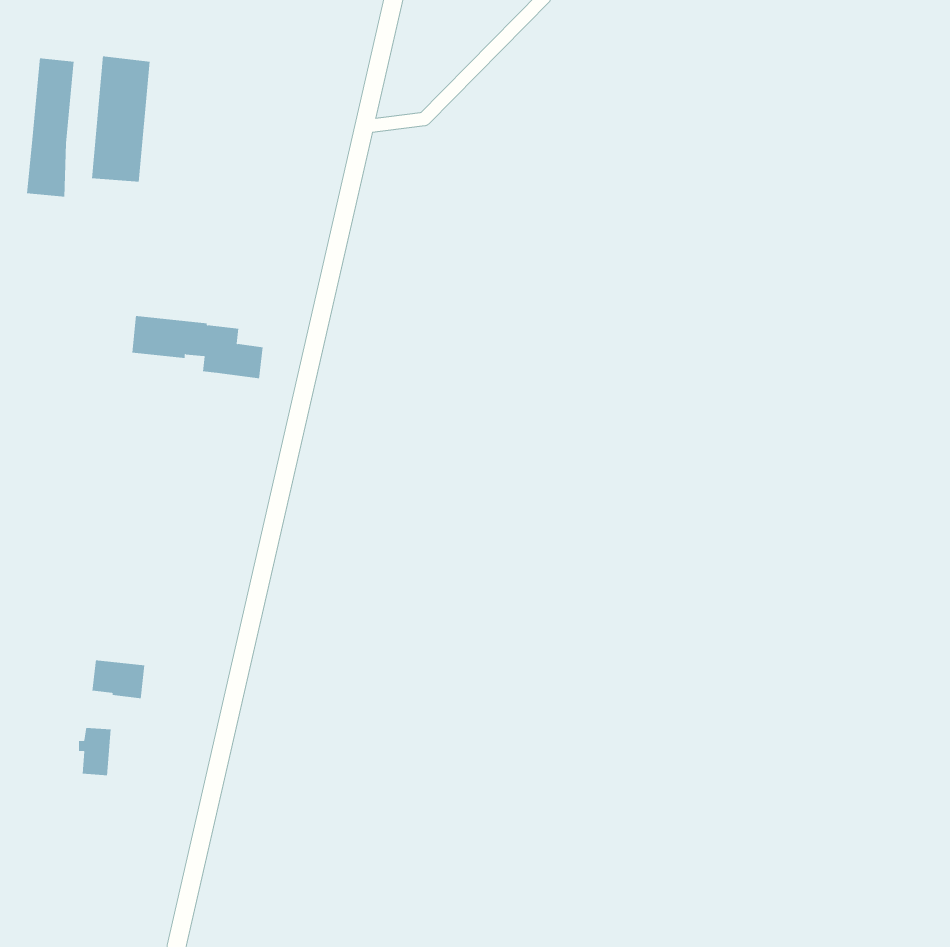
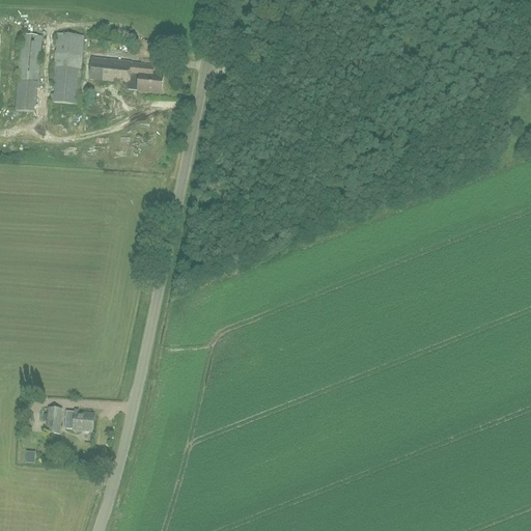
building: [131,316,263,379] -> [89,57,163,92]
building: [91,660,145,699] -> [64,410,94,431]

